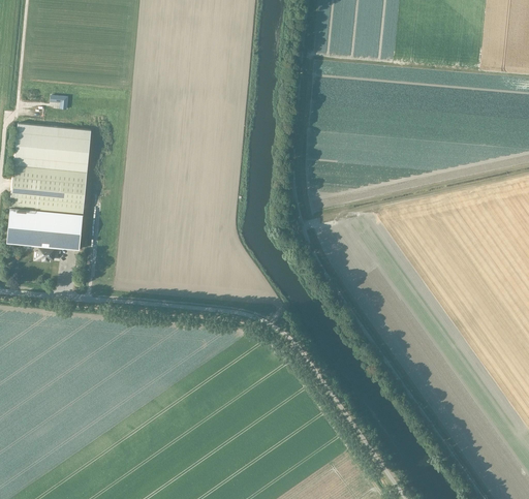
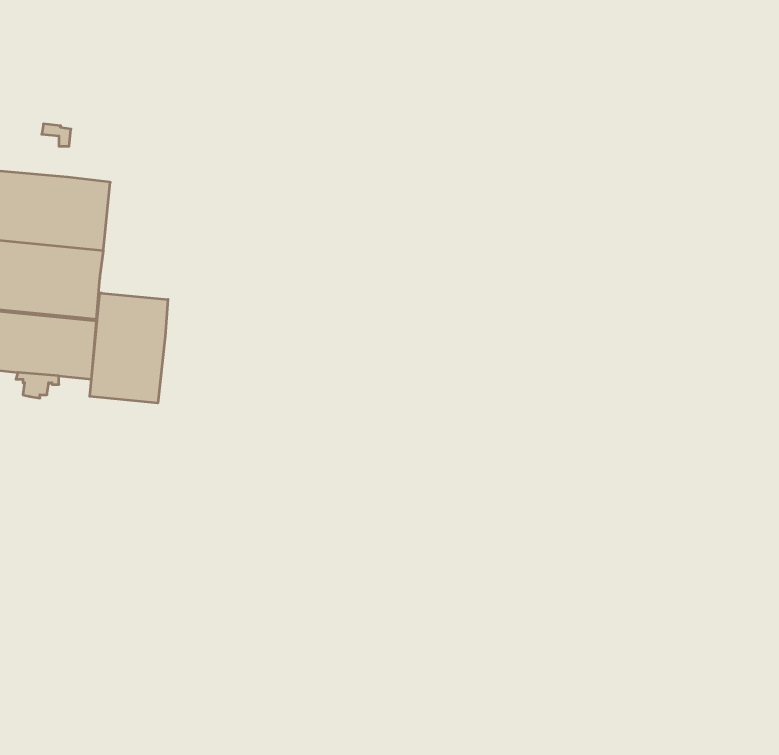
building: none -> [90,293,168,403]

